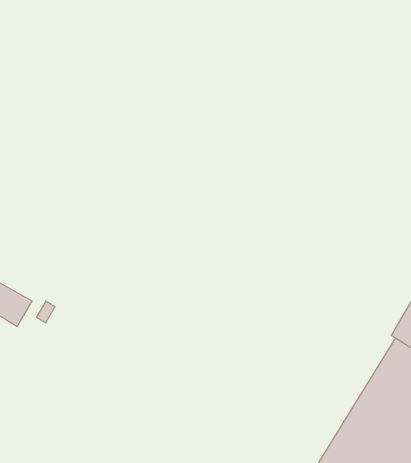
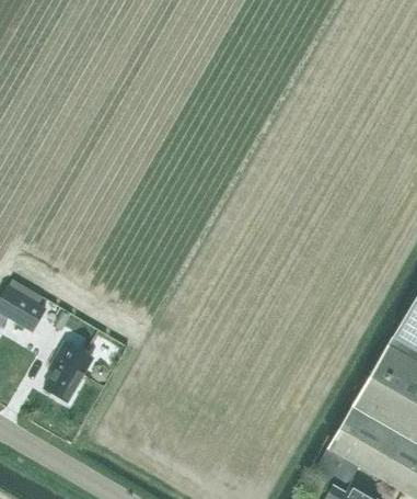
building: none -> [45,341,95,402]

